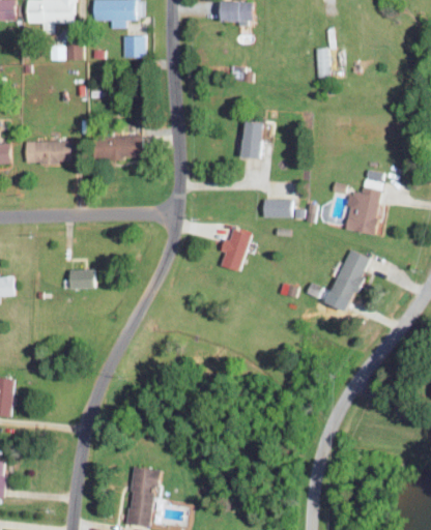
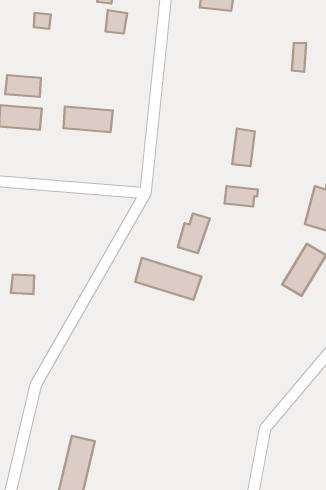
building: none -> [5,75,41,97]
building: [239,121,259,157] -> [232,129,255,166]
building: [68,269,91,289] -> [11,274,34,294]
building: none -> [135,258,201,300]

